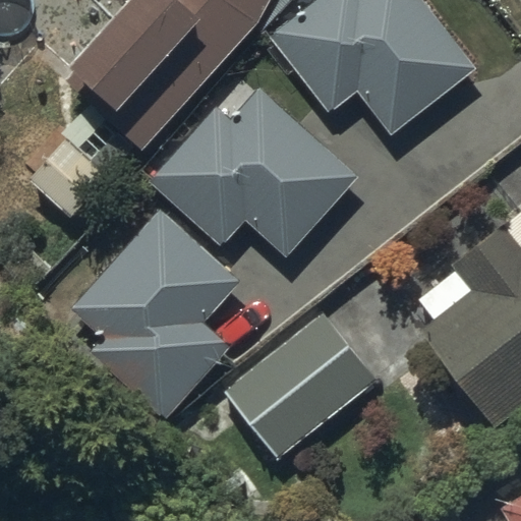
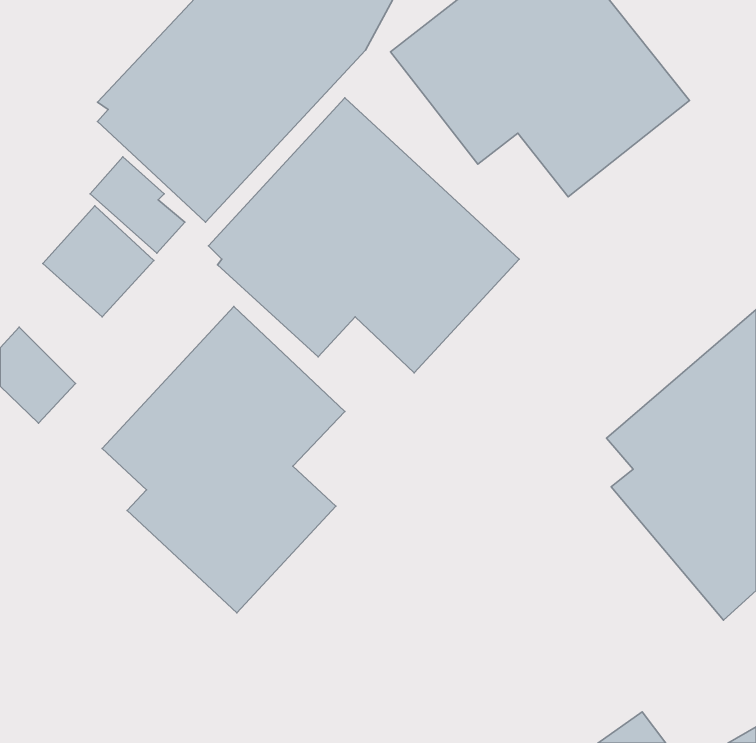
building: [220,305,378,457] -> none

